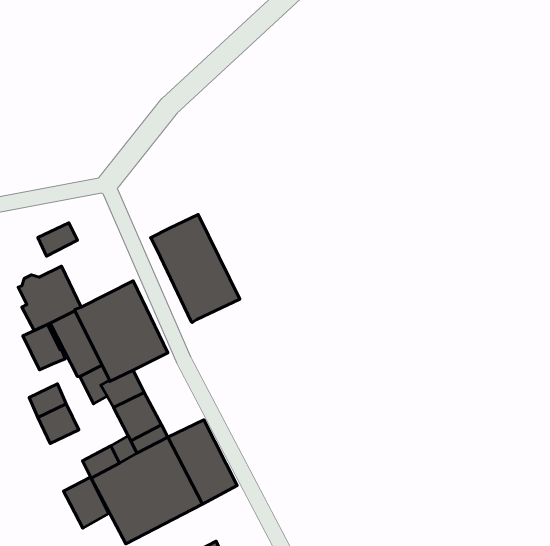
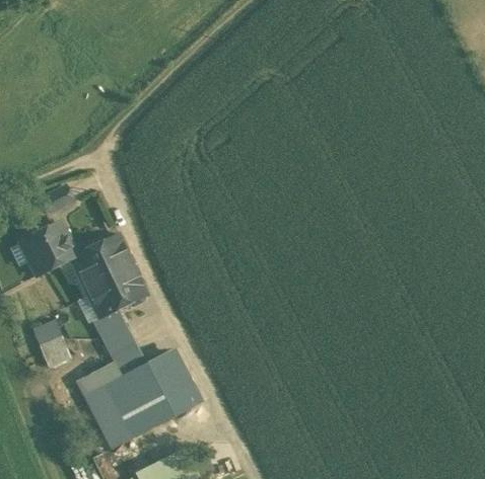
building: [151,215,240,323] -> none
building: [23,324,65,370] -> none
building: [64,477,109,528] -> none

